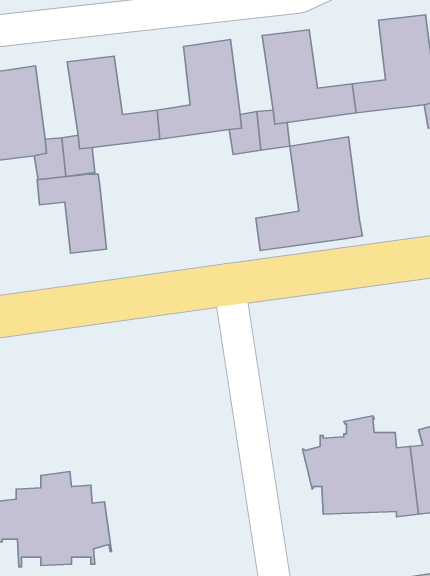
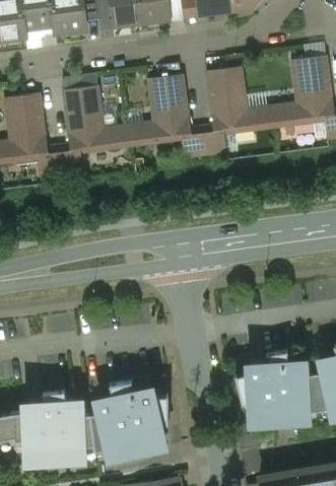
building: [256,137,362,251] -> none
building: [37,174,106,253] -> none
building: none -> [90,380,169,462]

